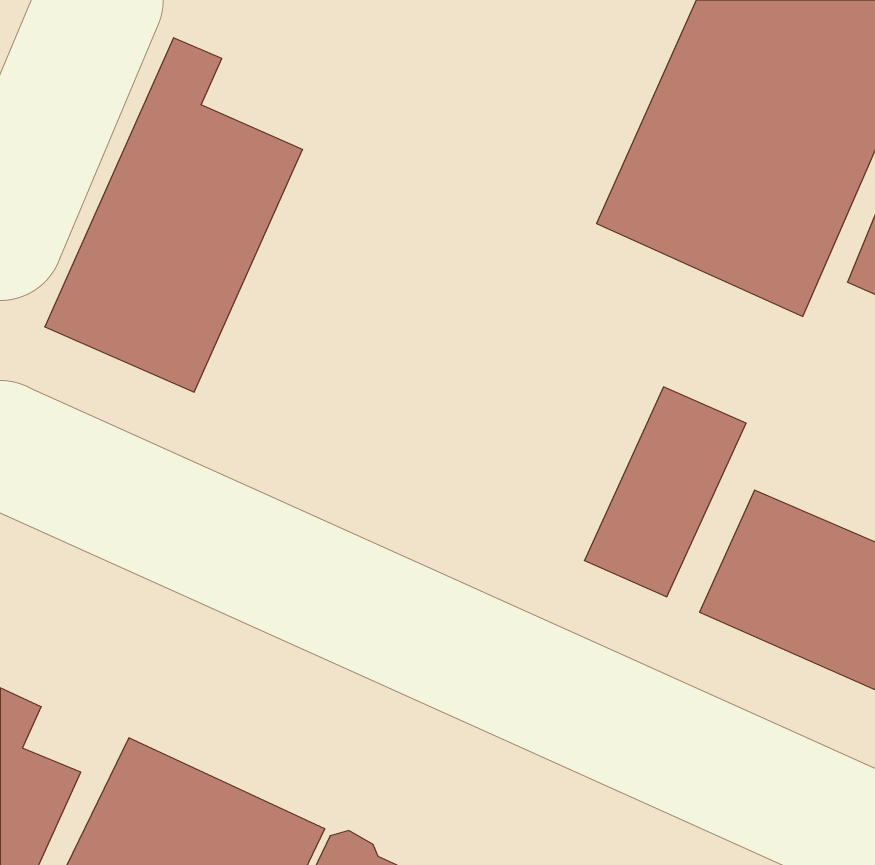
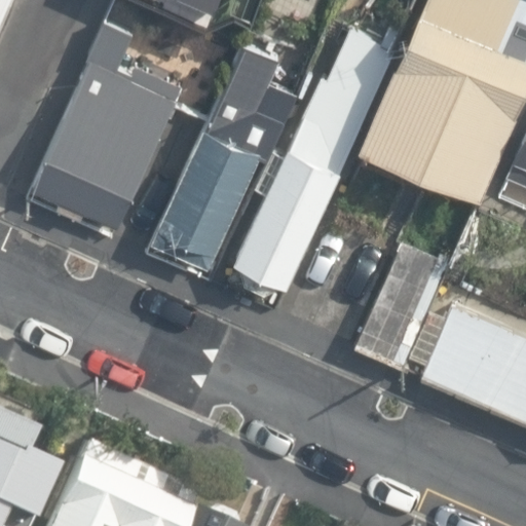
building: none -> [227,33,388,301]
building: none -> [153,51,304,278]

